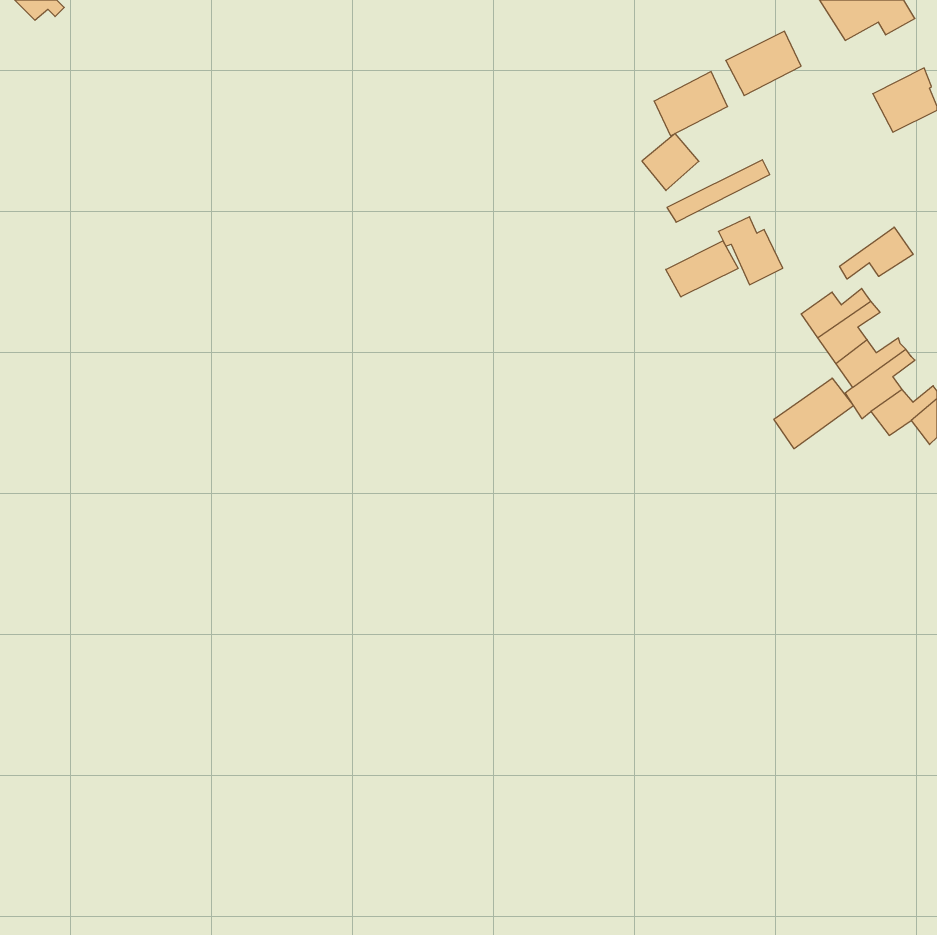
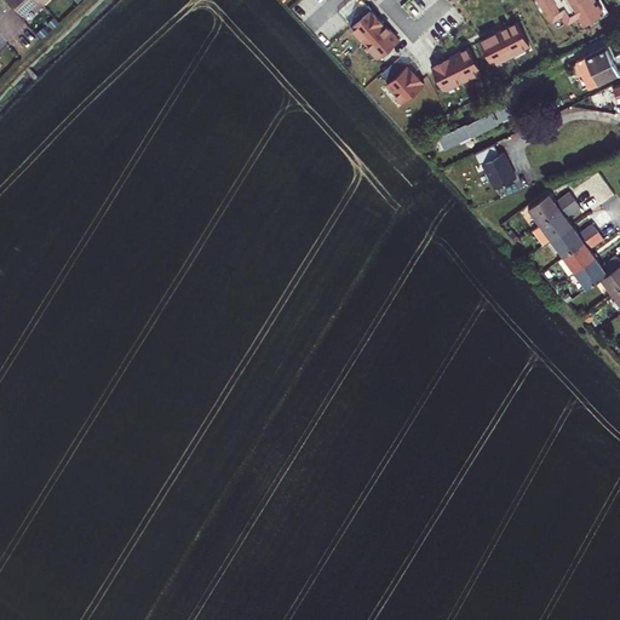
building: none -> [351,11,398,61]
building: [642,134,699,191] -> [389,65,426,103]
building: [840,227,913,279] -> none
building: [666,241,738,297] -> none
building: [774,378,853,449] -> none

